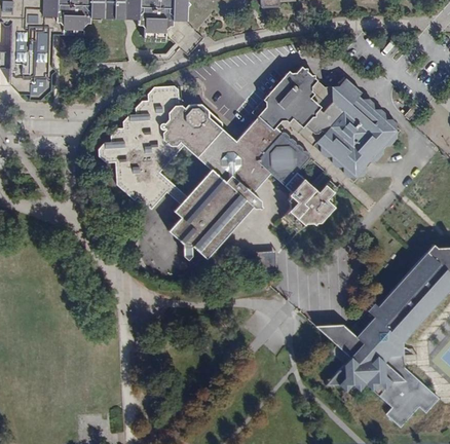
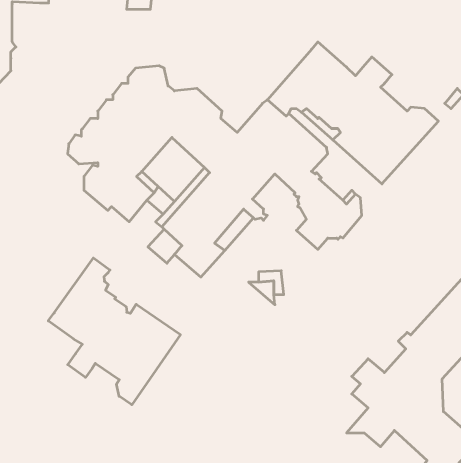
building: none -> [48,258,180,405]

